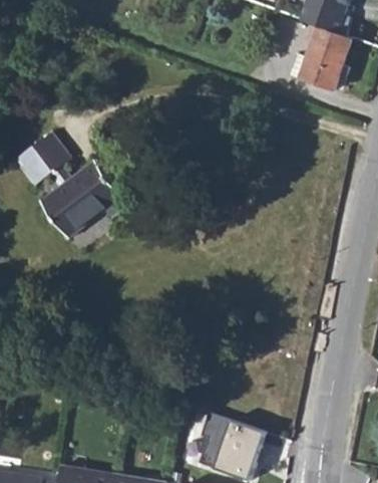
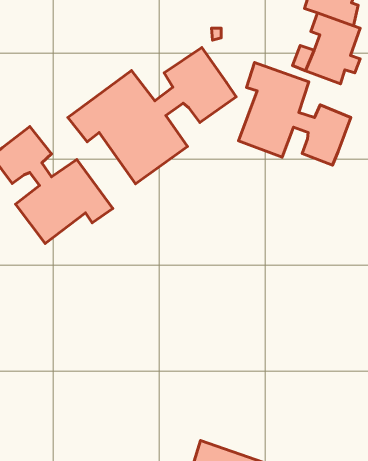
building: none -> [68,48,236,184]
building: none -> [238,62,351,165]

